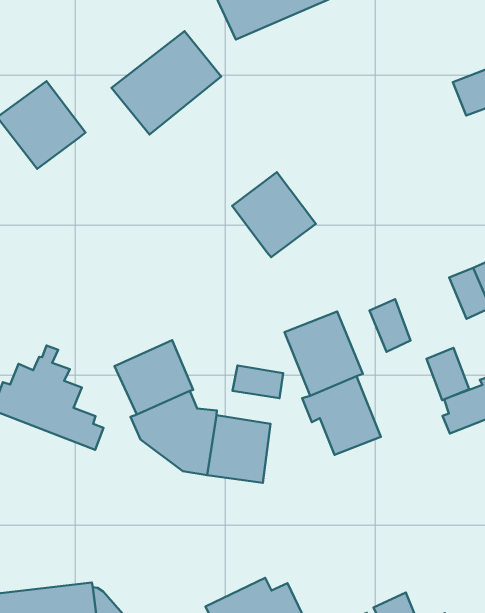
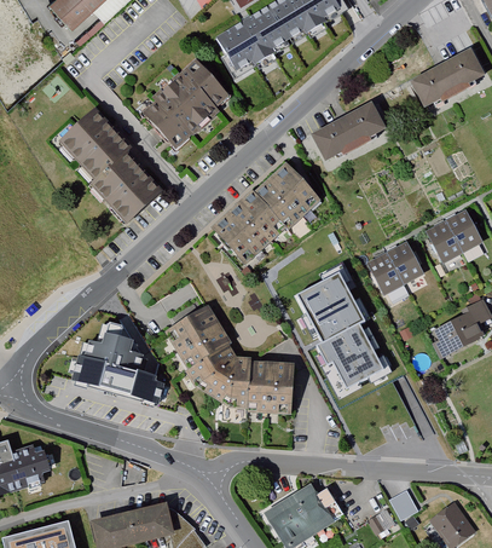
building: none -> [314,102,387,158]
building: none -> [88,155,157,225]
building: none -> [208,194,279,265]
building: [426,348,469,400] -> [384,246,421,288]
building: [232,365,283,398] -> none

